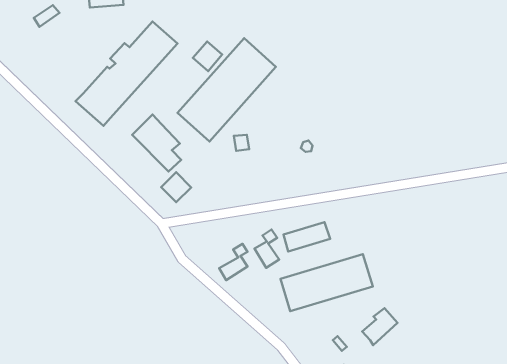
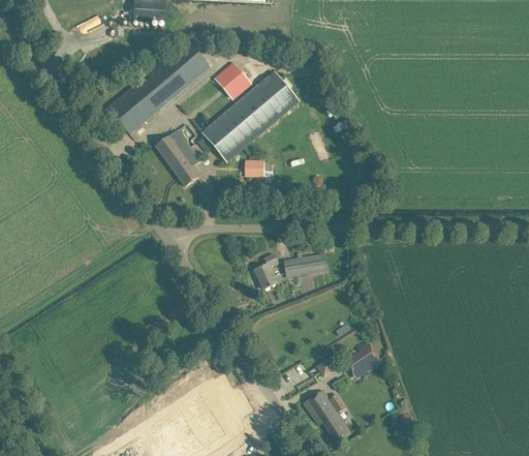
building: [161,172,191,202] -> none
building: [219,244,248,280] -> none
building: [280,254,373,311] -> none

